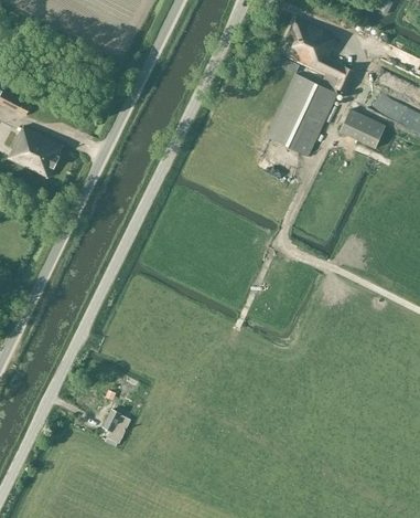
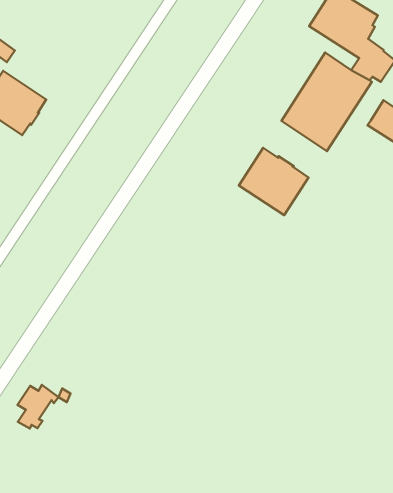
building: none -> [239,148,309,215]
building: [101,409,136,447] -> [17,385,58,428]

